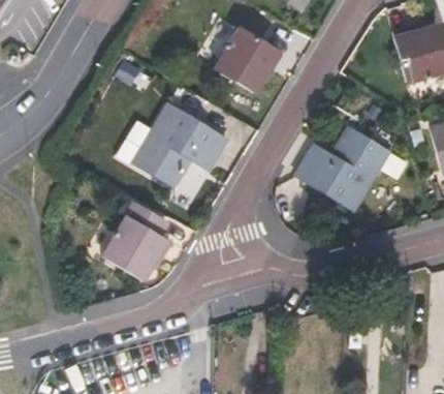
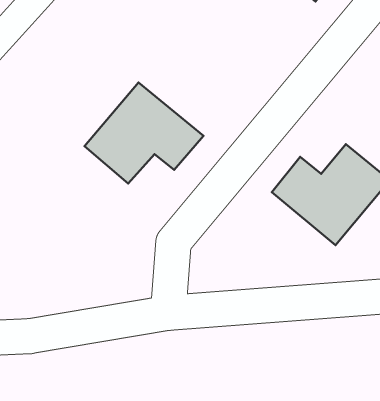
building: [215,29,280,93] -> none
building: [102,200,167,280] -> none

